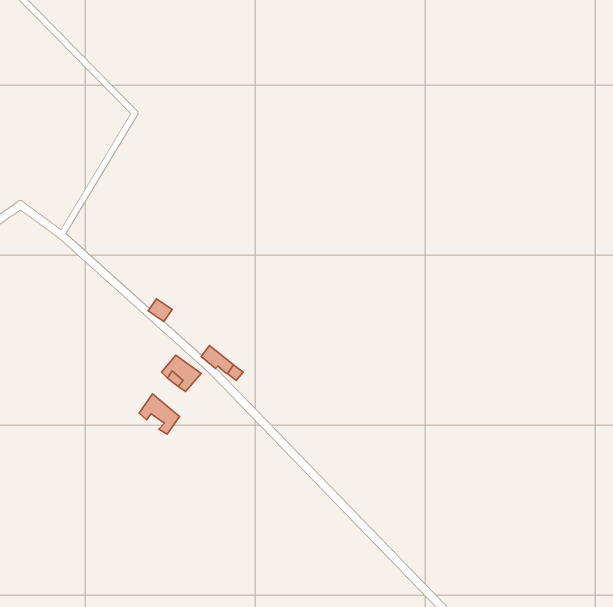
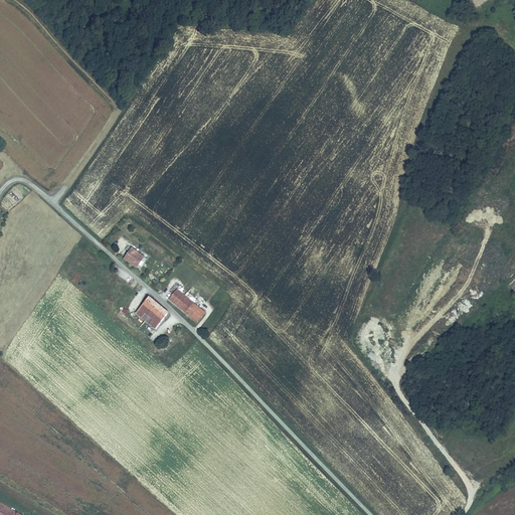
building: [139,394,179,434] -> none

